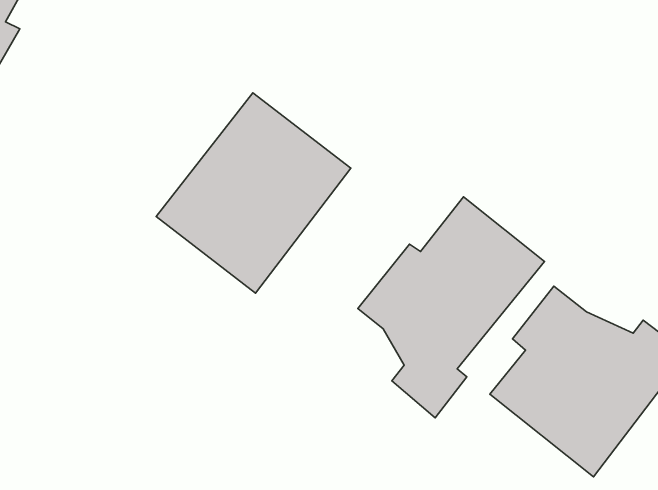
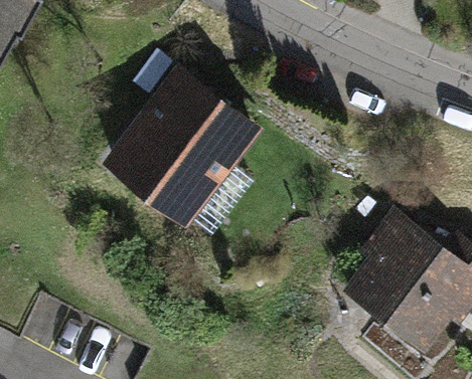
building: [358,197,545,418] -> none

